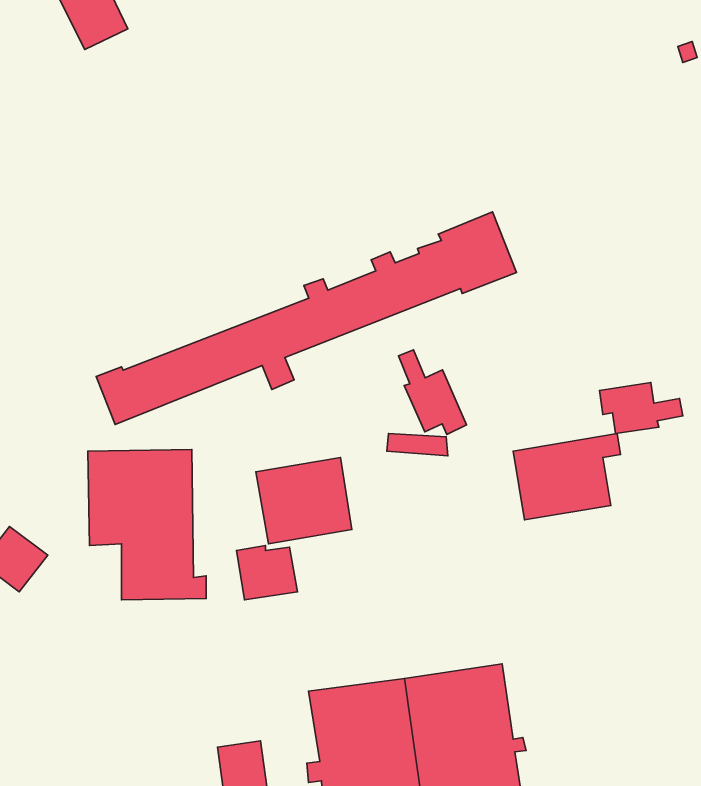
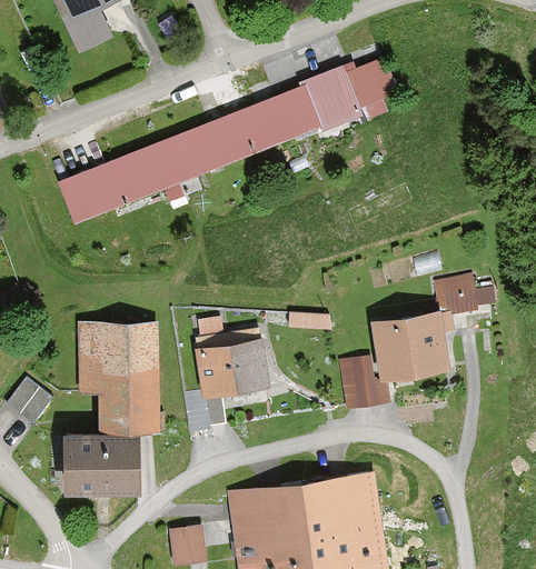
building: none -> [350,60,395,106]
building: [96,212,517,425] -> [62,71,355,219]
building: [399,350,467,434] -> none
building: none -> [340,358,388,405]
building: none -> [67,436,137,492]

